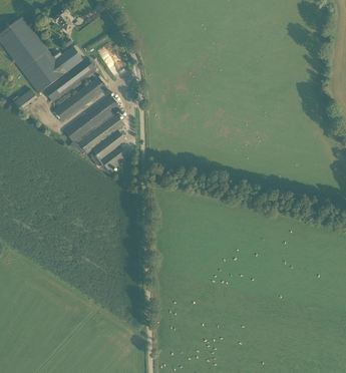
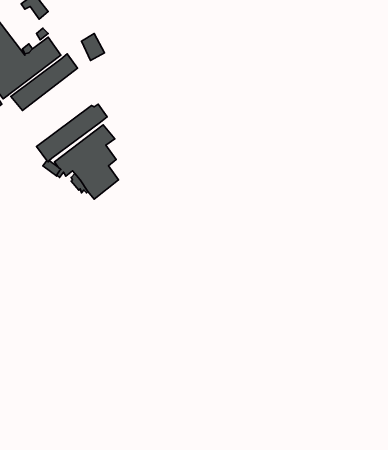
building: [55,78,107,122] -> none

